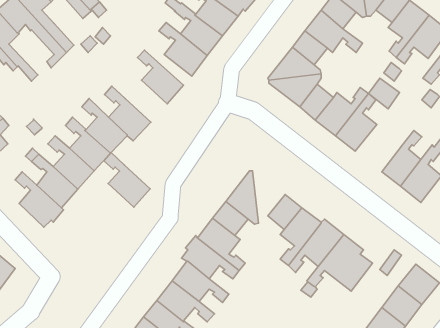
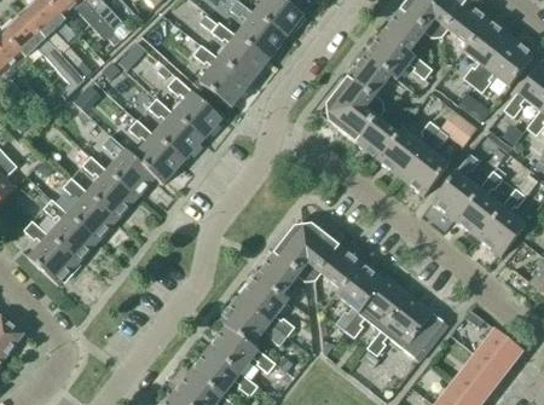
building: none -> [430,154,479,220]
building: [104,153,150,207] -> [147,98,202,162]
building: none -> [302,219,341,280]

